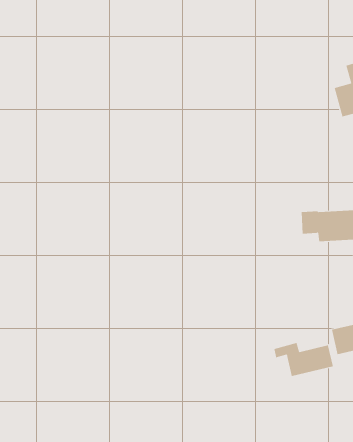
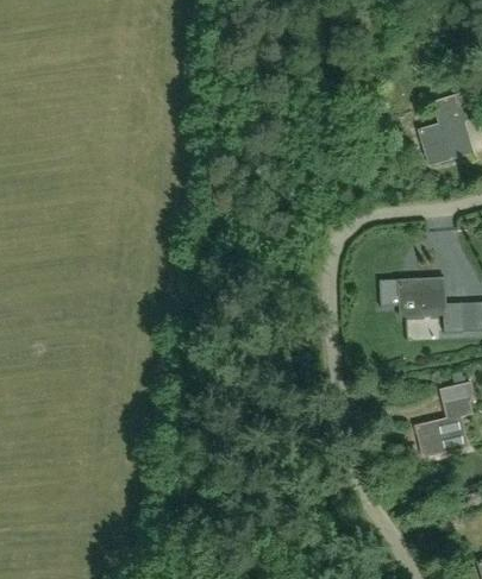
building: [274,342,334,377] -> none

